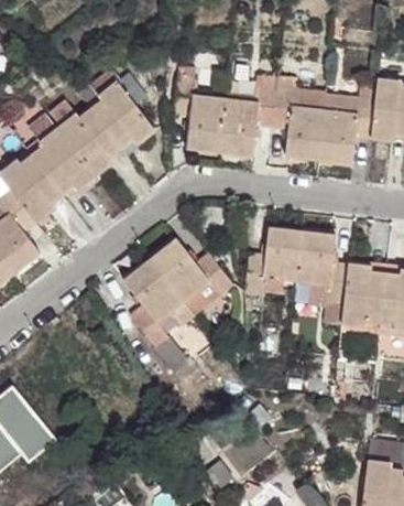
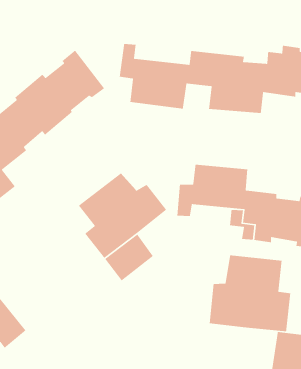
building: none -> [209,254,291,332]

